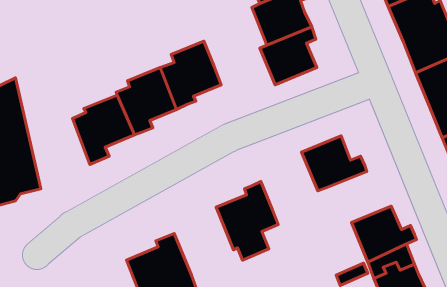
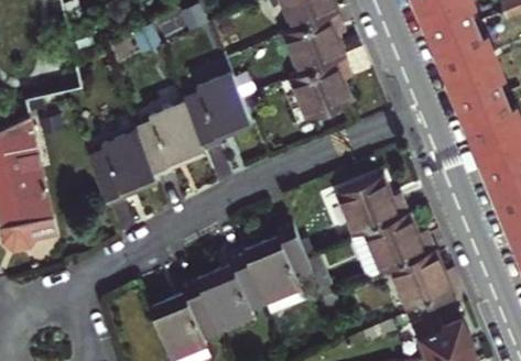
building: none -> [361,216,432,275]
building: none -> [197,254,263,328]

